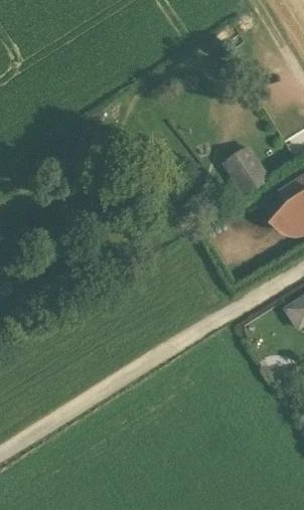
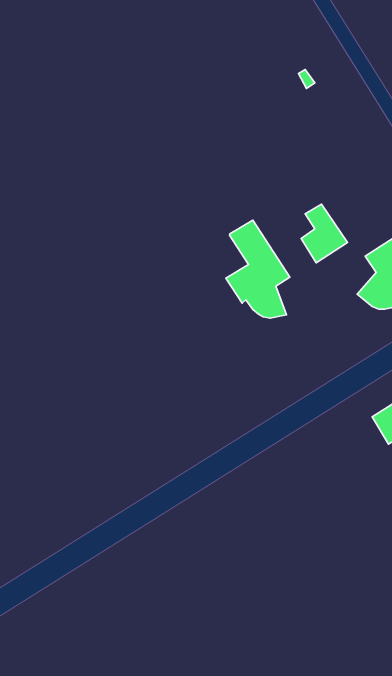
building: none -> [226,220,290,318]

